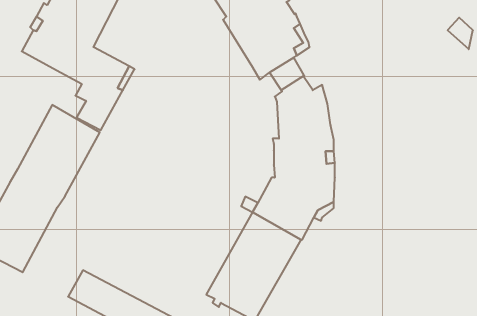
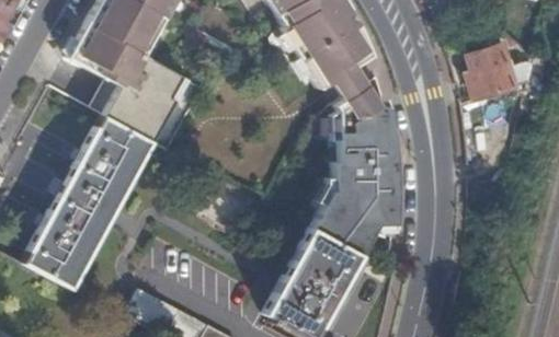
building: none -> [468,45,517,97]
building: none -> [92,78,139,127]

